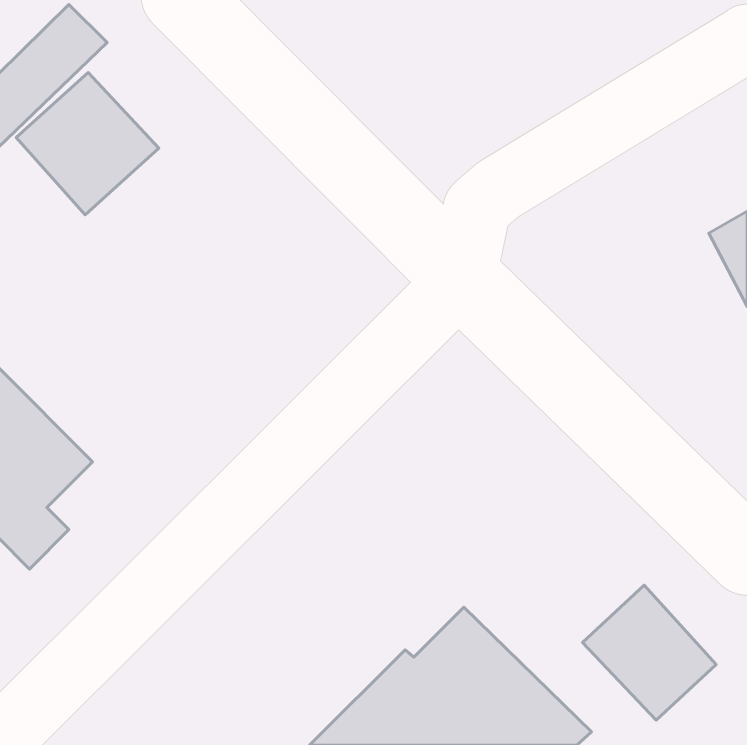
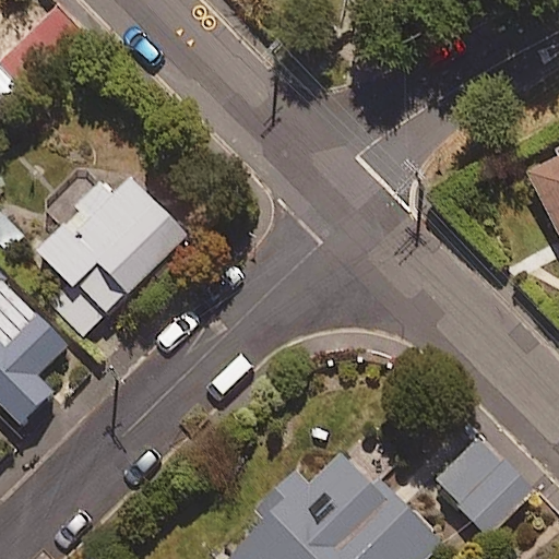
building: [16,72,159,215] -> none
building: none -> [37,167,188,335]

